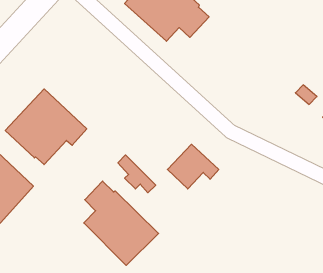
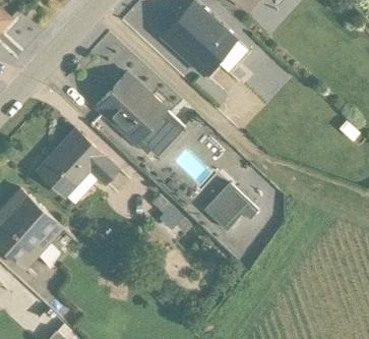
building: none -> [95,72,182,155]
building: [84,181,159,265] -> none

